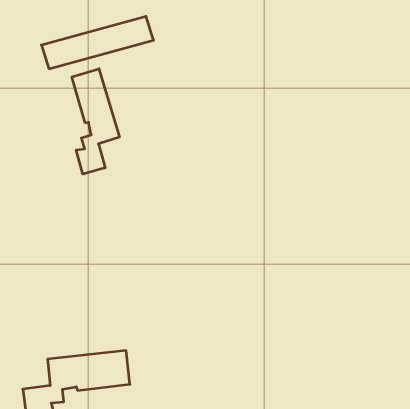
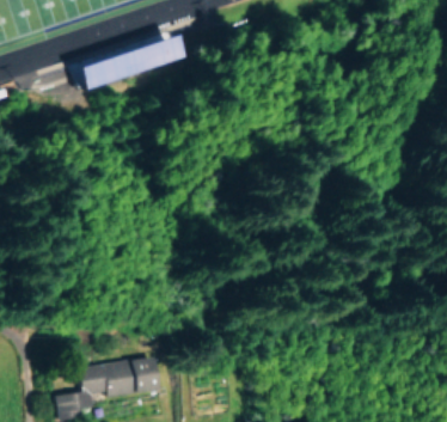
building: [72,69,119,174] -> none

